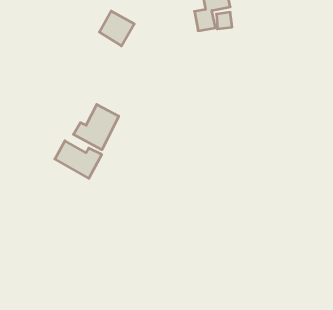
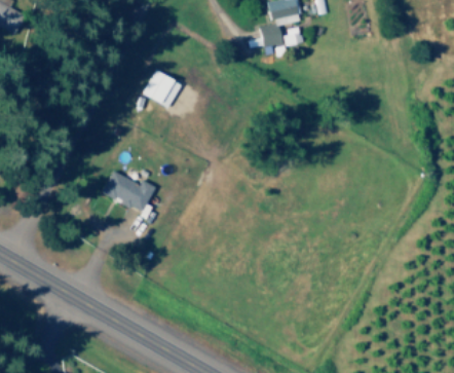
building: [99,11,134,46] -> [142,69,181,108]
building: [73,104,119,150] -> none

